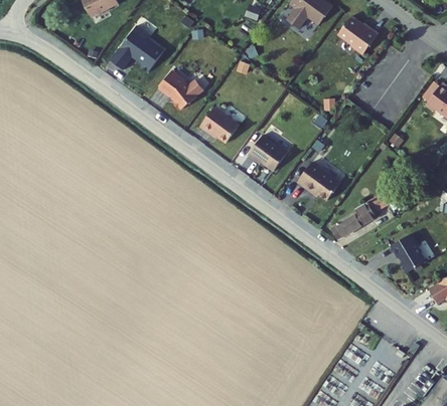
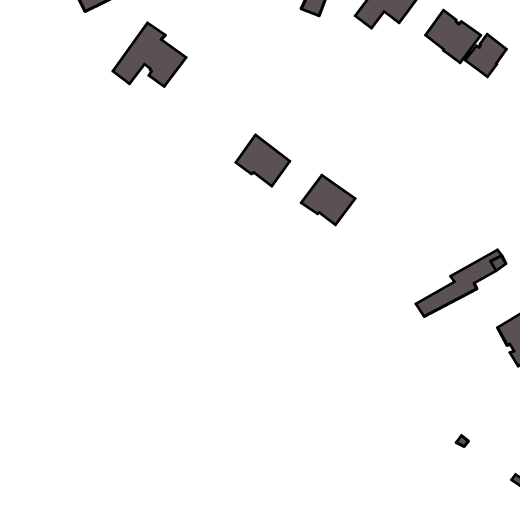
building: none -> [465,34,507,77]
building: [160,69,197,109] -> none
building: [298,162,341,200] -> none

